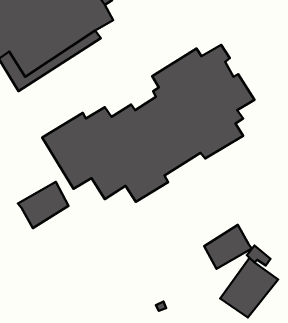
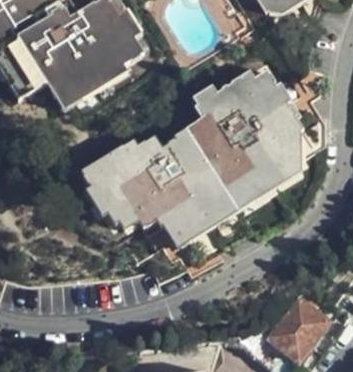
building: [18,182,69,228] -> none
building: [204,225,252,269] -> none

